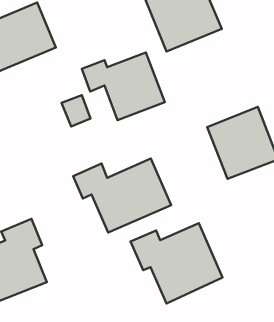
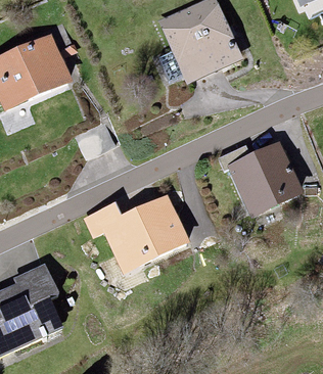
building: [82,53,165,120] -> none
building: [130,223,222,304] -> none

